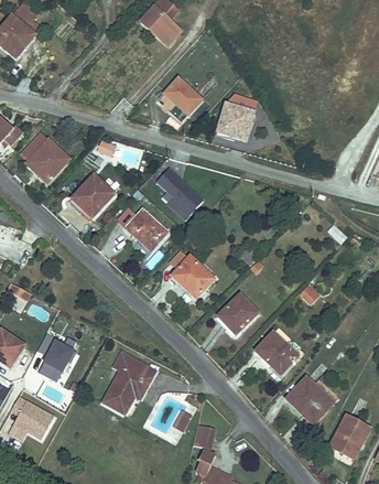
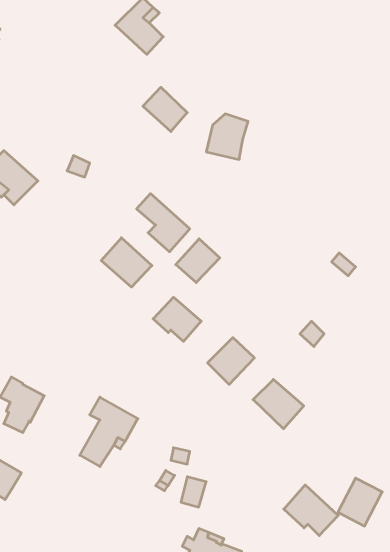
building: [77,178,115,218] -> none
building: none -> [176,239,220,283]
building: [285,377,333,421] -> [284,485,338,536]

